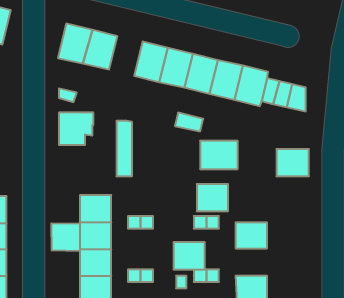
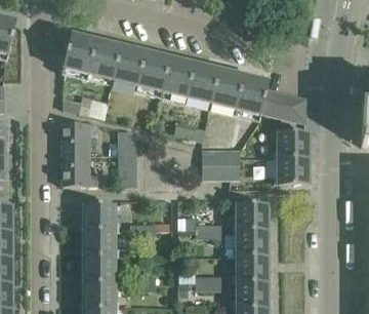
building: none -> [113,46,146,85]
building: none -> [277,130,309,157]
building: none -> [64,153,97,184]
building: [197,184,228,211] -> [237,202,268,229]
building: [51,223,80,251] -> none
building: [173,242,205,269] -> [237,254,268,281]

